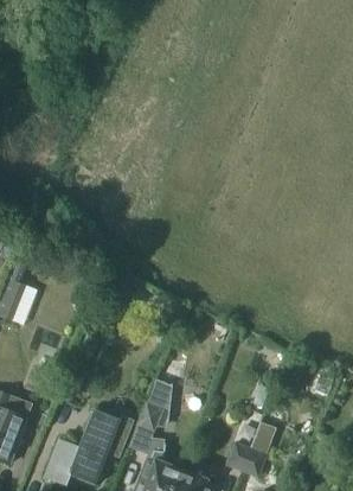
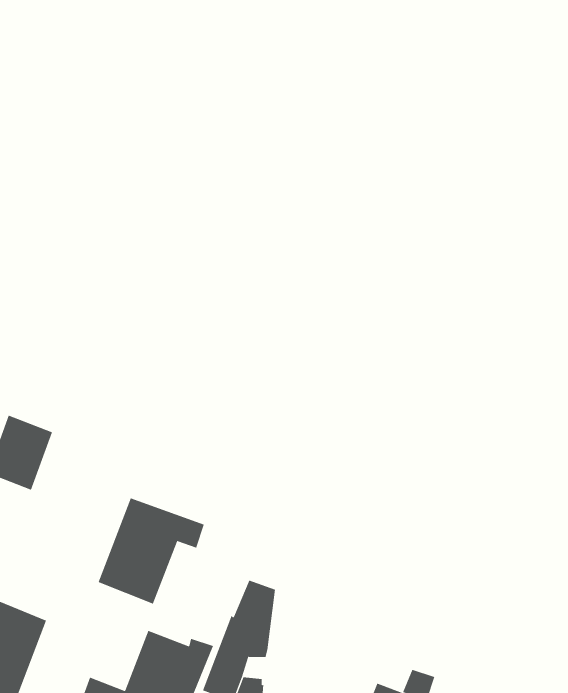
building: none -> [98,498,205,604]

